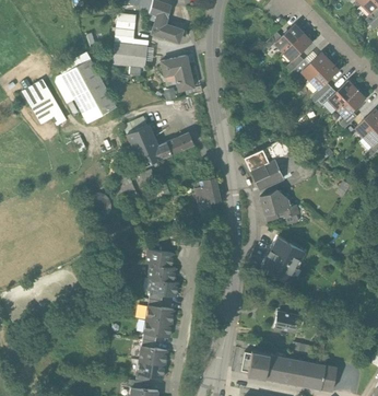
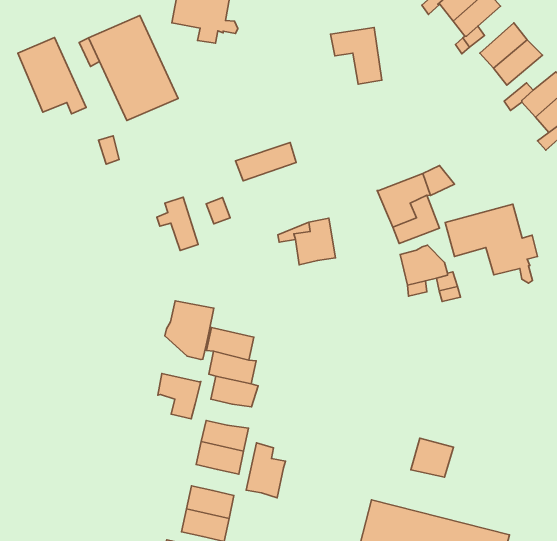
building: [161,56,193,91] -> [331,28,382,84]
building: [123,116,162,173] -> none
building: none -> [445,204,537,283]
building: none -> [165,301,214,359]
building: [261,238,306,283] -> none
building: none -> [158,373,201,419]
building: none -> [246,443,285,498]

